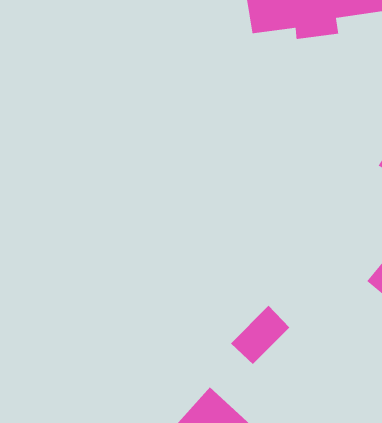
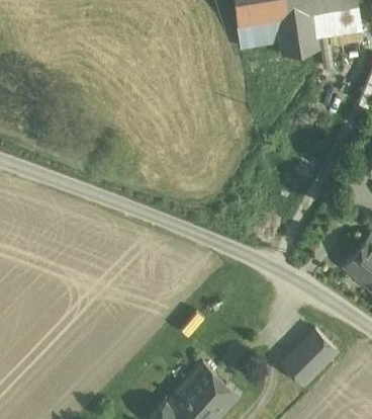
building: [230,305,290,365] -> [280,329,334,383]

